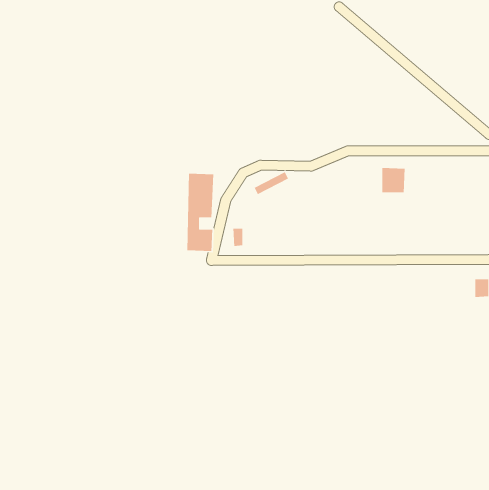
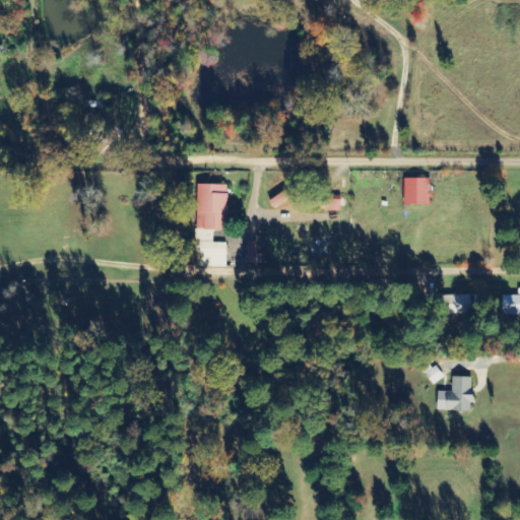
building: none -> [446,294,470,314]
building: none -> [436,376,471,410]

